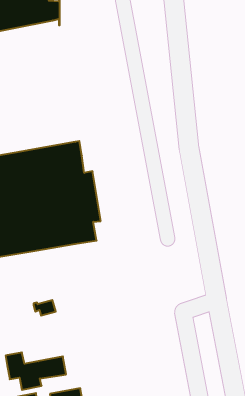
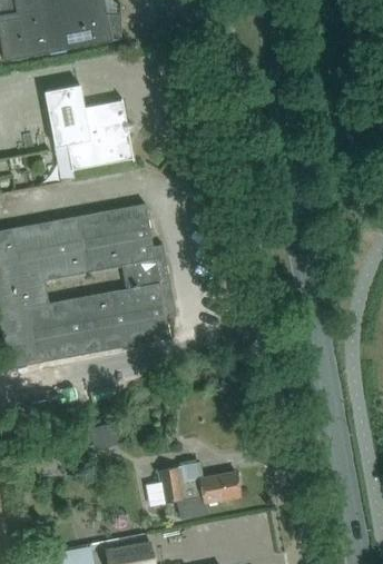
building: none -> [45,86,135,178]
building: [6,352,66,390] -> [158,465,240,516]

